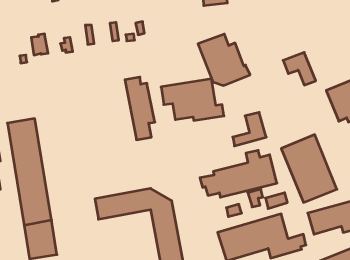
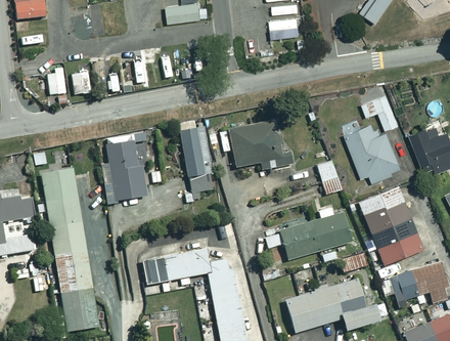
building: none -> [45,68,63,95]
building: [198,34,250,85] -> [345,123,405,182]
building: none -> [100,133,150,205]

